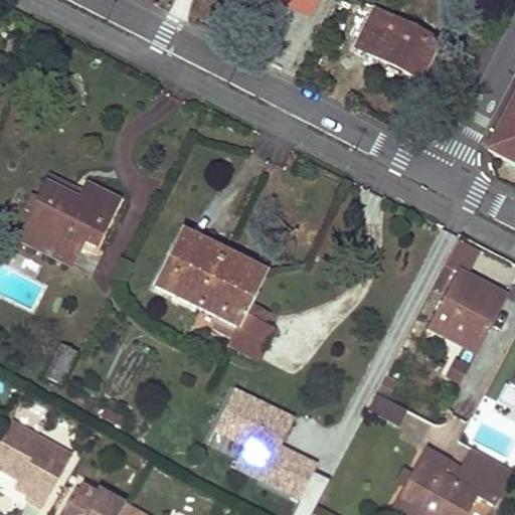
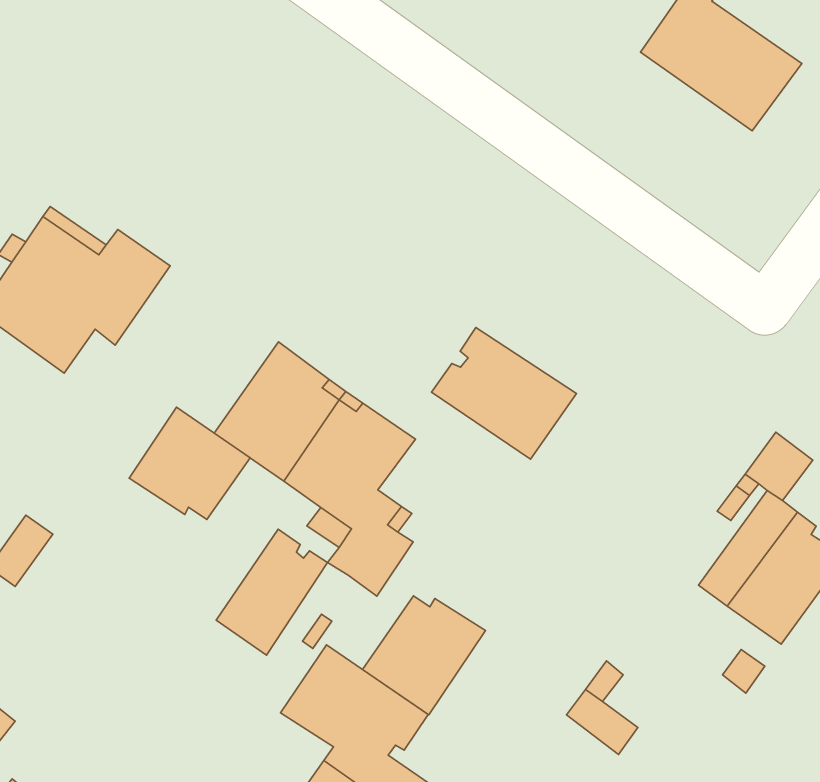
building: none -> [432,327,576,459]
building: none -> [129,407,250,519]
building: none -> [216,529,328,655]
building: none -> [362,596,485,715]

